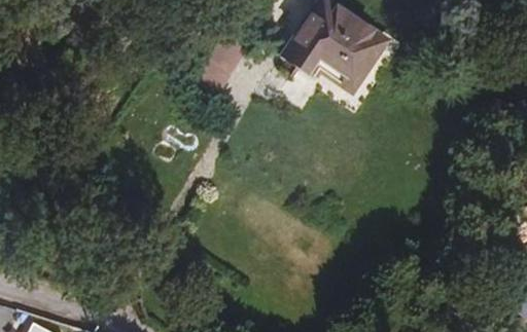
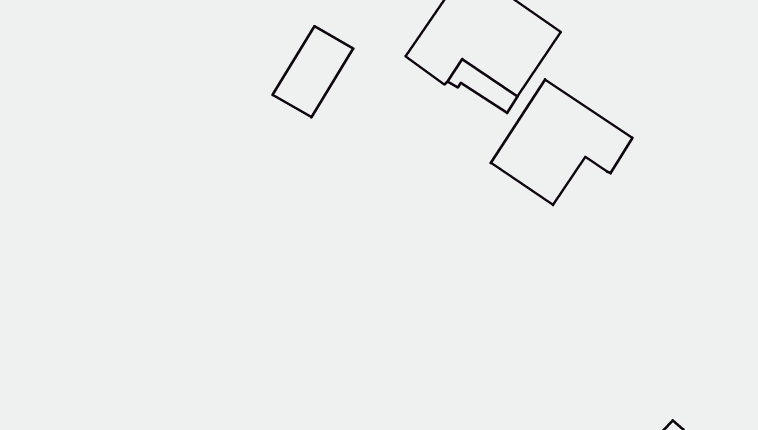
building: none -> [491,79,632,205]

